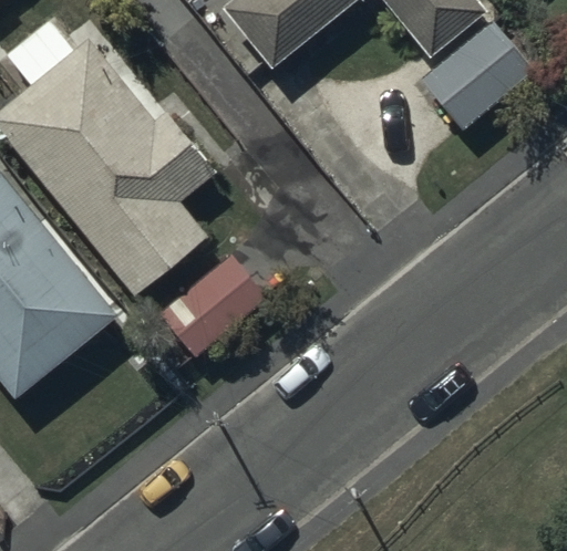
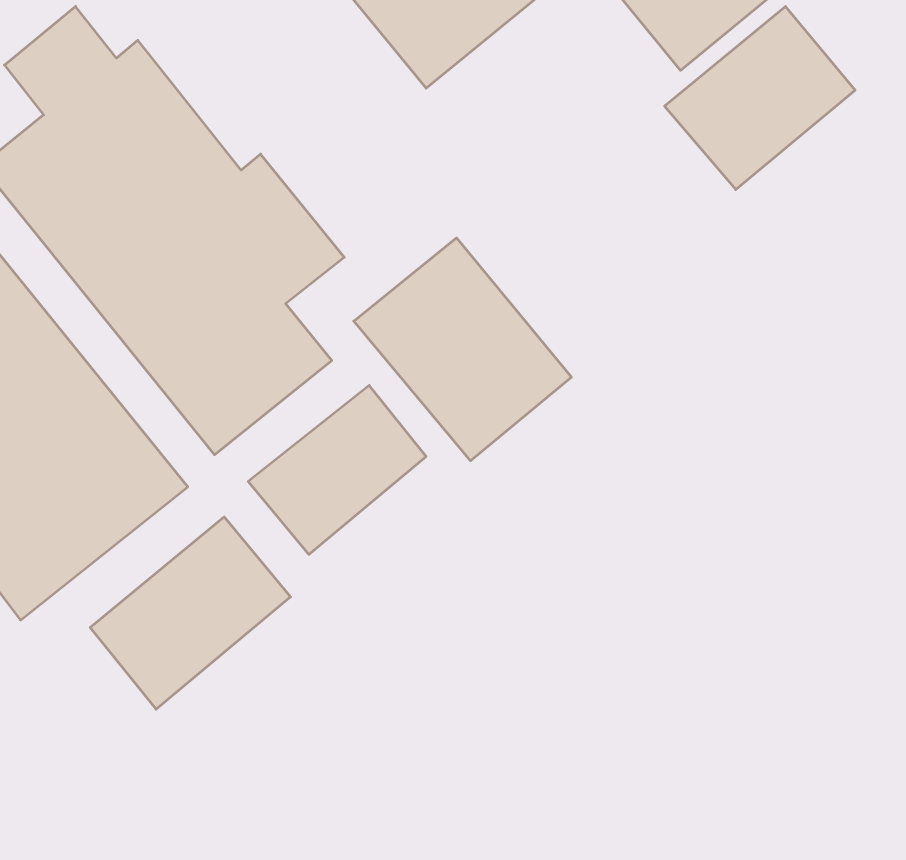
building: none -> [354,238,571,461]
building: none -> [90,517,291,709]

